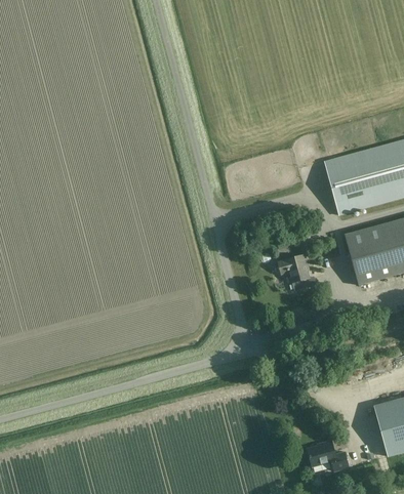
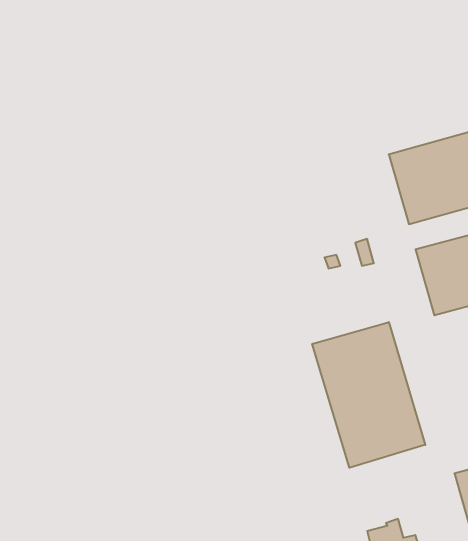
building: [277,254,315,290] -> none
building: none -> [312,322,425,468]

